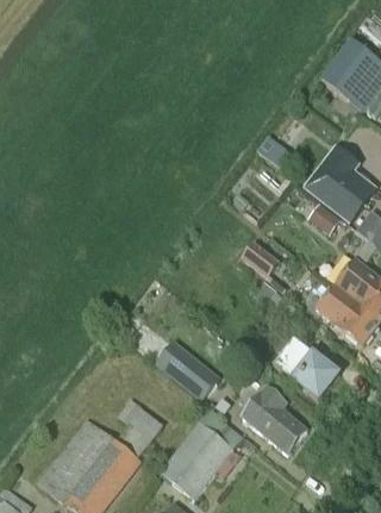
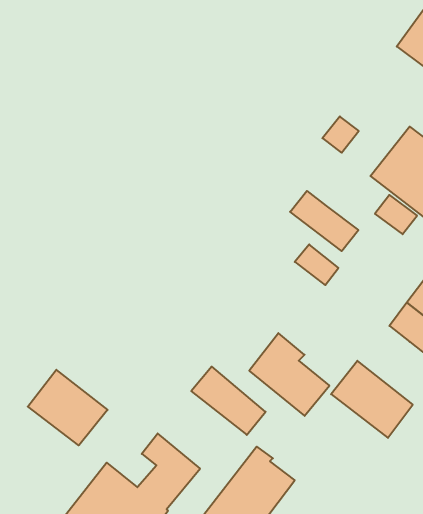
building: none -> [290,191,358,251]
building: none -> [28,370,108,445]
building: [242,386,307,453] -> [249,333,329,416]

